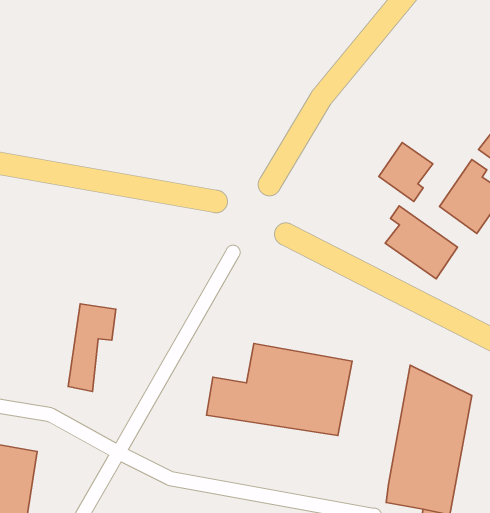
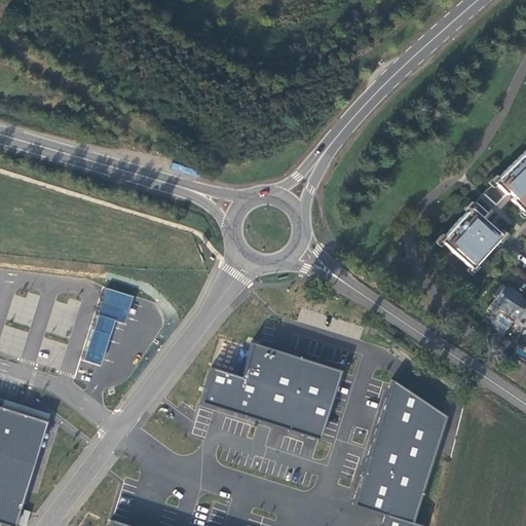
building: [379,142,433,201] -> none
building: [385,206,457,279] -> none

